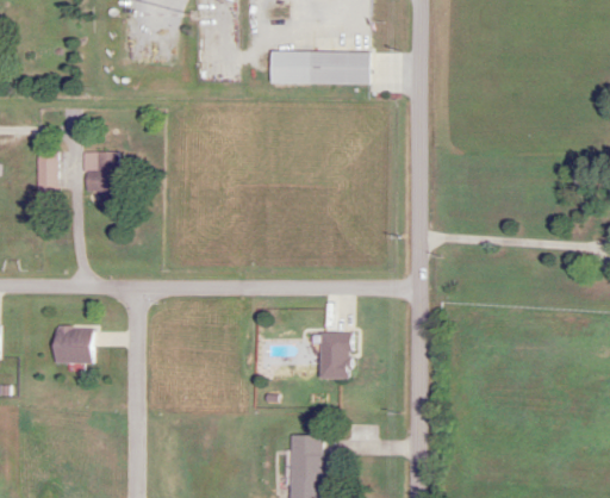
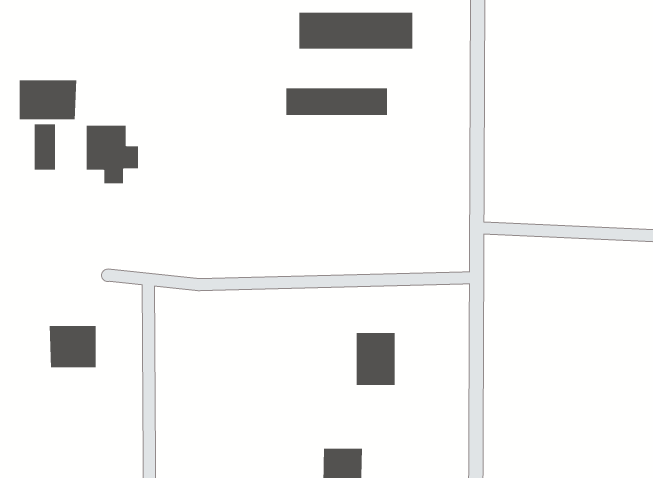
building: none -> [19,79,77,120]
building: none -> [286,87,388,116]

